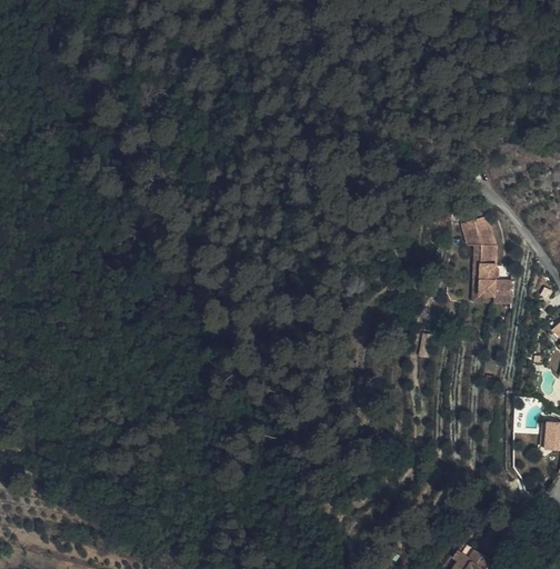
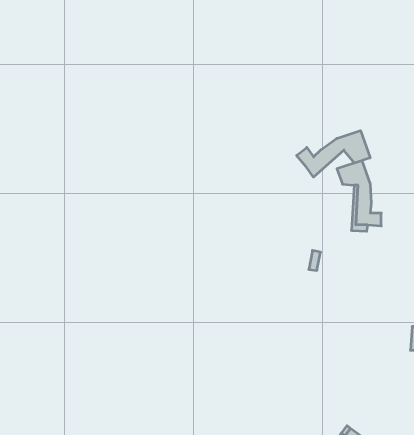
building: none -> [297,131,370,177]

